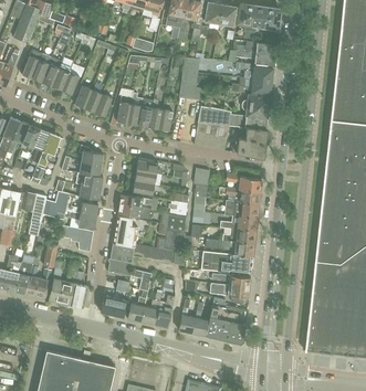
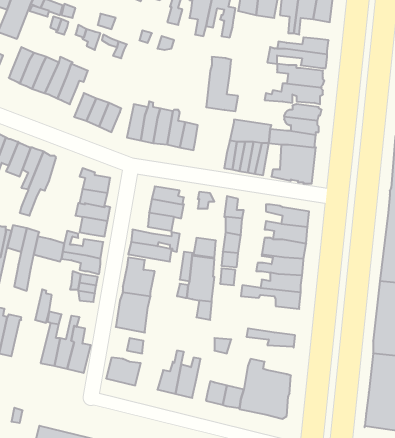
building: [200,252,253,273] -> none
building: [24,266,51,299] -> none
building: [127,270,151,321] -> none
building: [209,283,249,305] -> none

